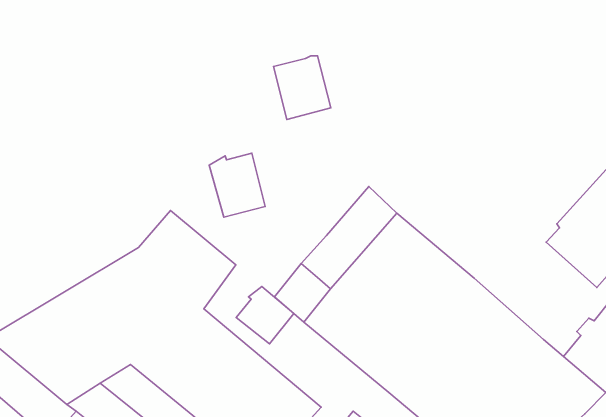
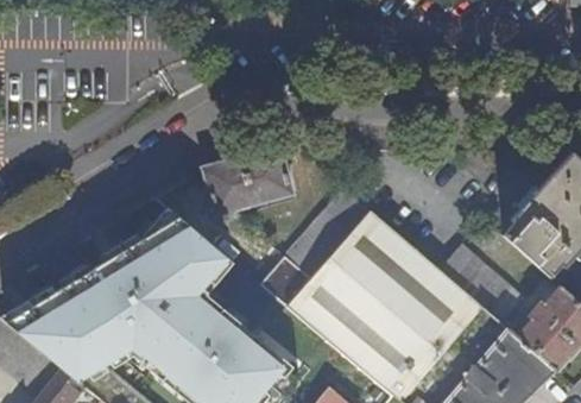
building: [274,56,331,120] -> [241,147,292,204]
building: none -> [440,245,523,323]
building: [236,287,294,344] -> none

